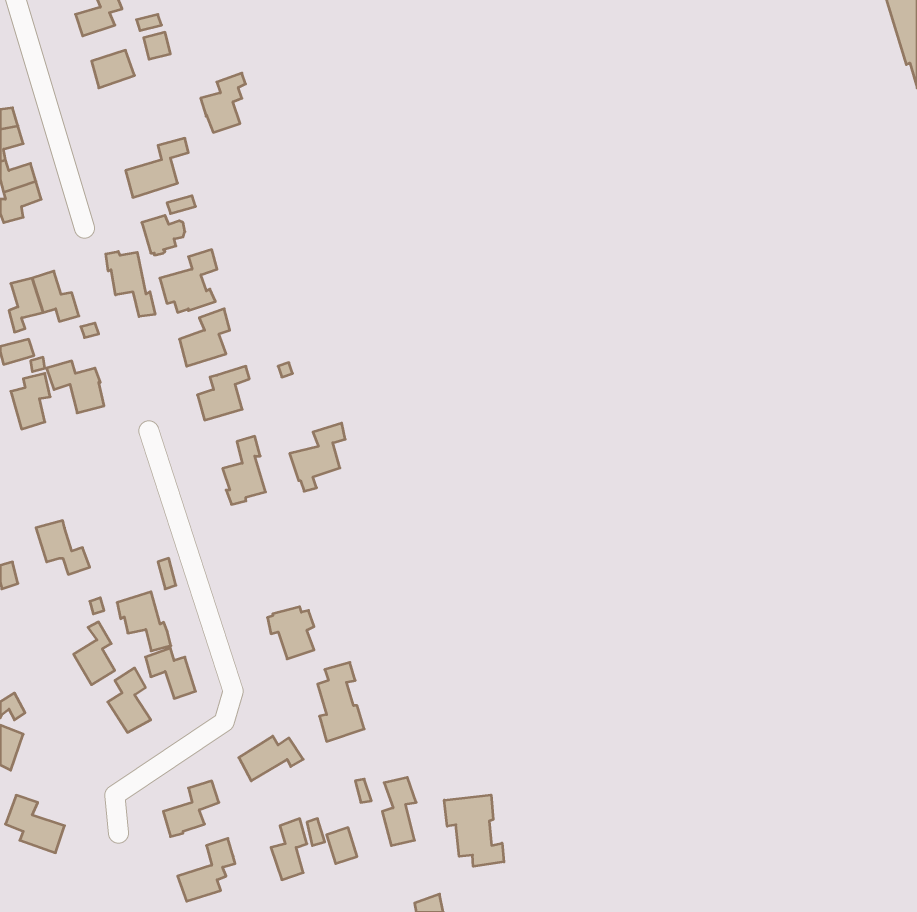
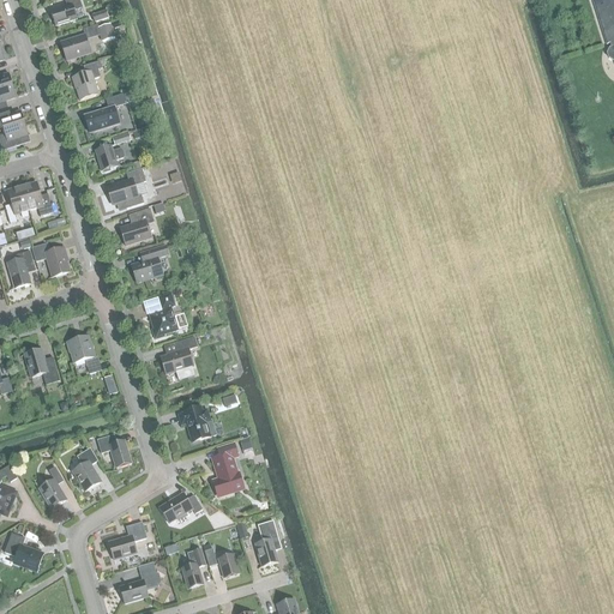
building: [201,73,246,132] -> [72,59,102,98]
building: [106,251,155,317] -> none
building: [290,423,345,491] -> [159,335,197,380]
building: [117,592,171,651] -> [66,333,102,373]
building: [74,622,115,685] -> [38,465,66,507]
building: [444,795,504,866] -> none

